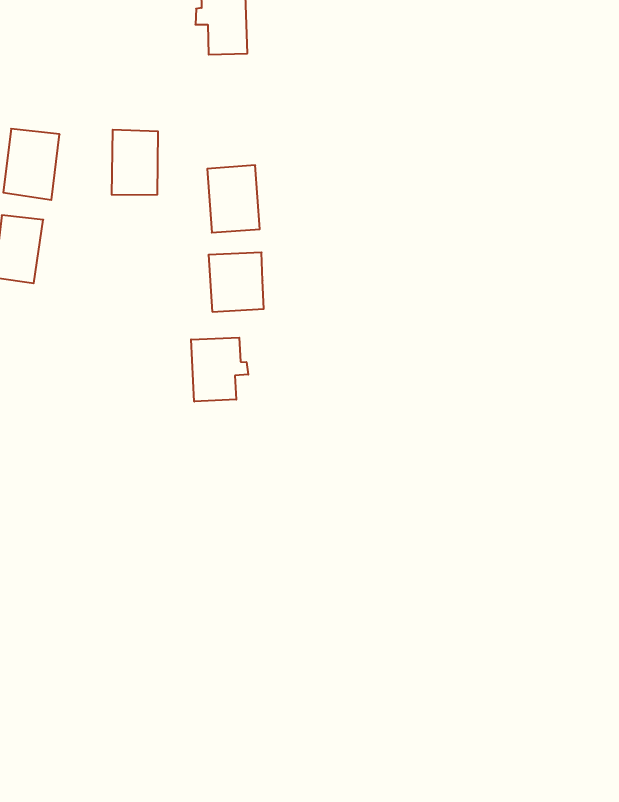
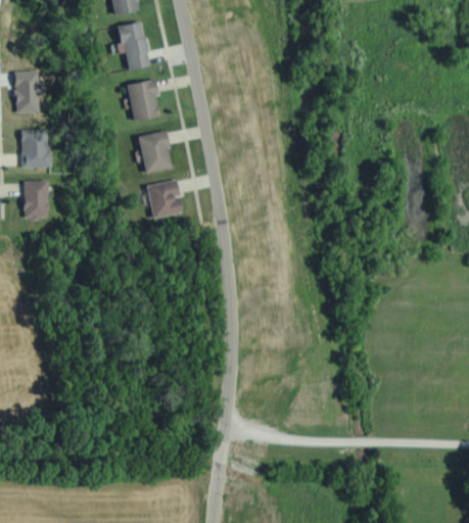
building: none -> [14,70,44,111]
building: [112,130,158,195] -> [129,80,160,121]
building: [191,338,248,402] -> none

